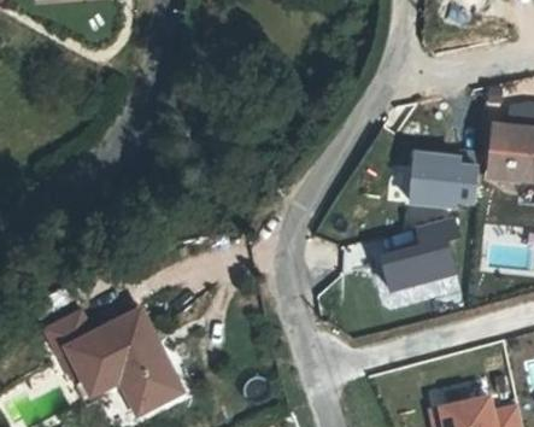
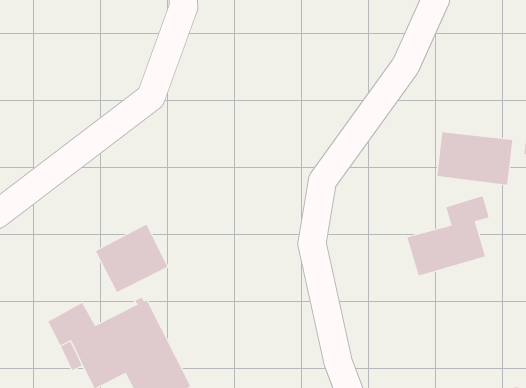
building: none -> [95,224,168,293]

